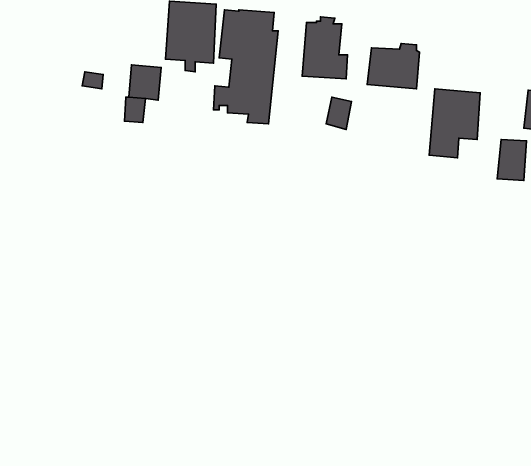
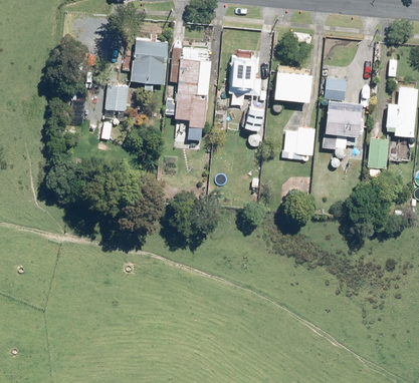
building: none -> [322,80,343,101]
building: none -> [282,127,316,159]

